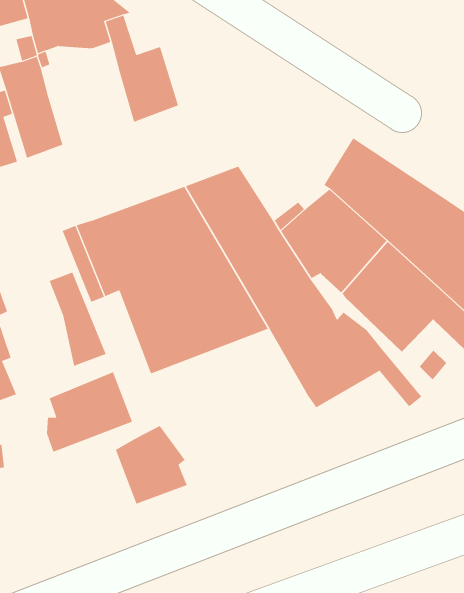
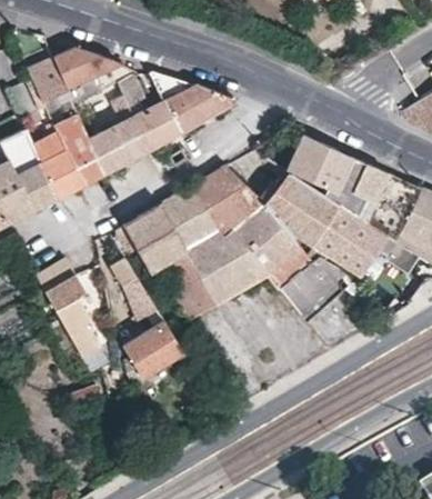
building: none -> [152,72,231,132]
building: none -> [90,97,151,172]
building: [115,425,188,505] -> none

